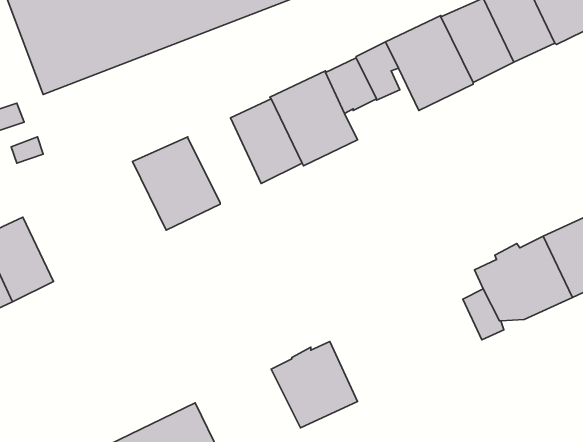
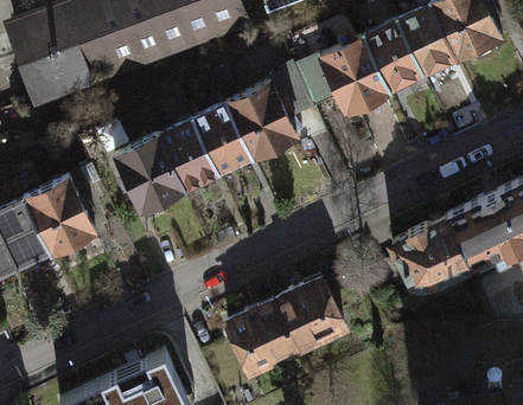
building: none -> [159,120,218,188]
building: none -> [24,176,95,253]
building: none -> [274,276,344,349]

